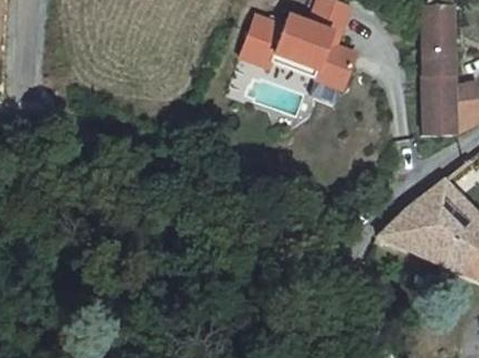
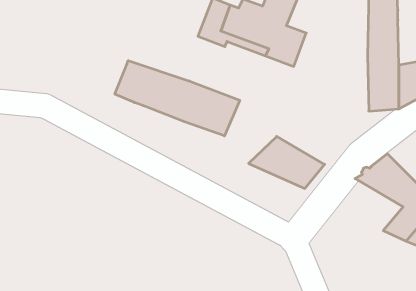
building: none -> [115,61,240,136]
building: [379,206,459,261] -> [249,136,325,188]

